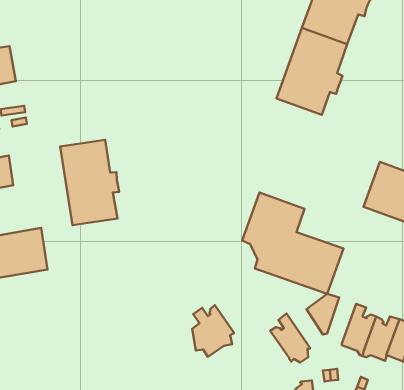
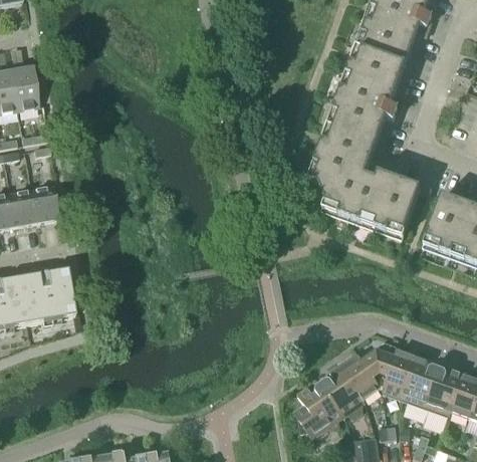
building: [60,140,119,225] -> none
building: none -> [30,185,57,221]
building: [242,192,344,294] -> [308,125,421,237]
building: none -> [382,345,416,399]
building: none -> [338,352,379,399]
building: [192,305,234,357] -> [295,383,341,440]

